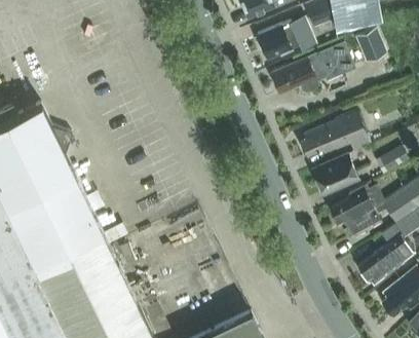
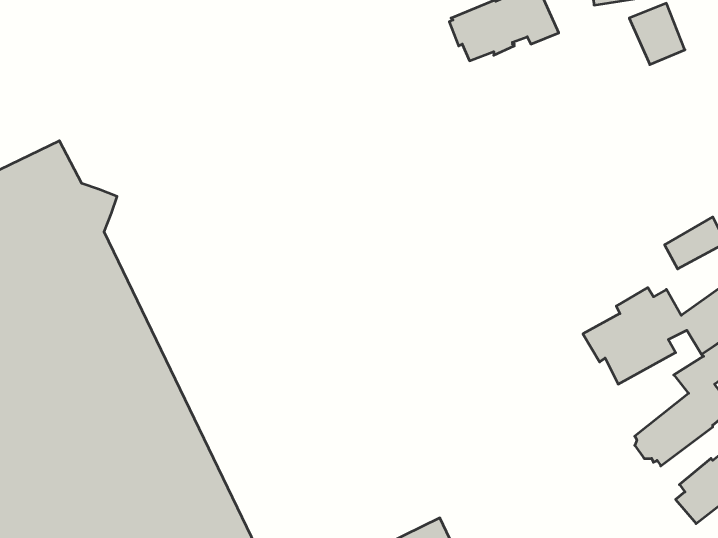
building: [270,43,354,95] -> none
building: [300,110,371,156] -> none
building: [312,154,357,195] -> none

